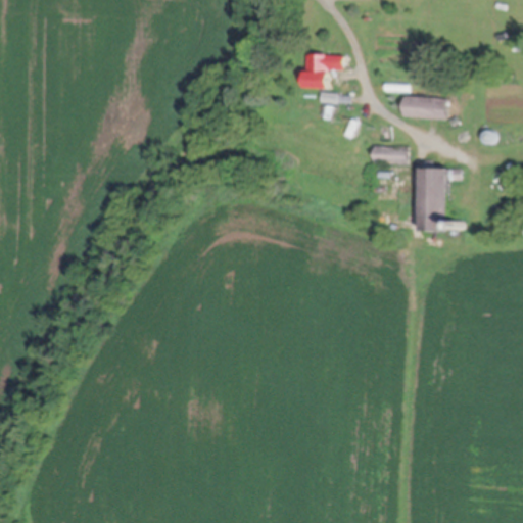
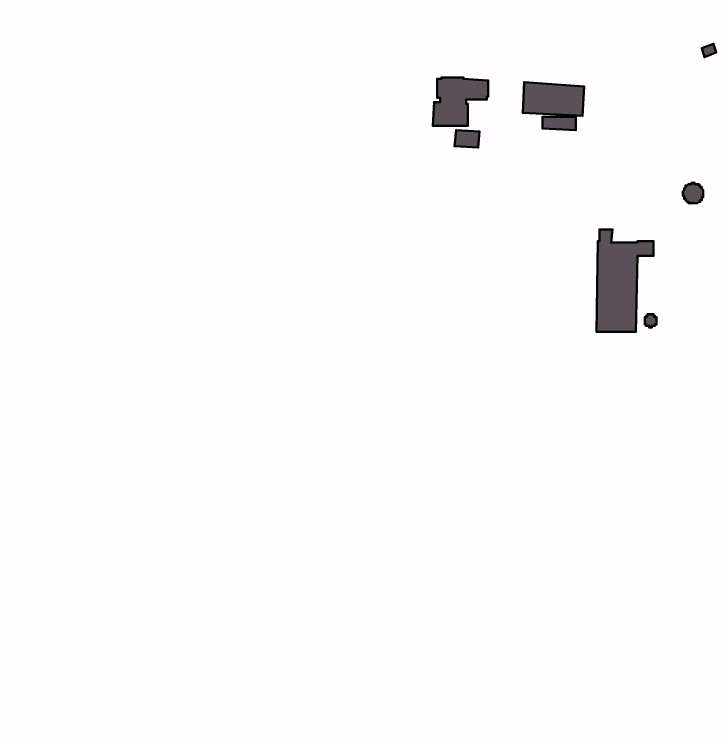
building: [399,95,442,118] -> [523,82,584,116]
building: [370,145,403,163] -> none

